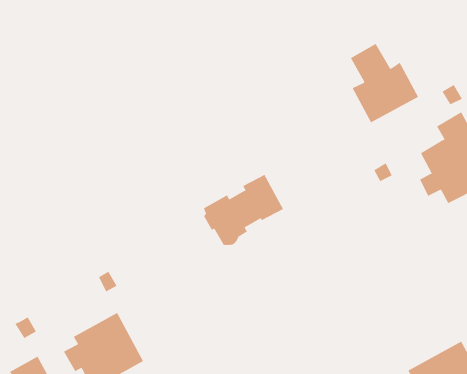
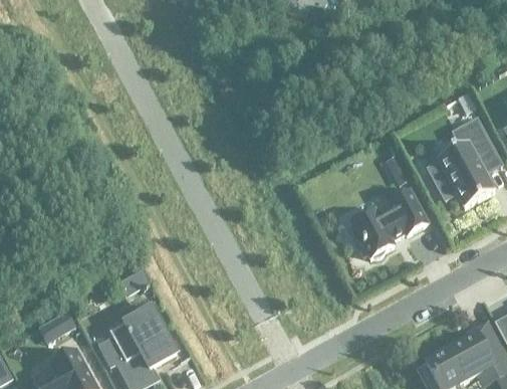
building: [350,43,419,123] -> none
building: [203,174,284,245] -> [349,187,426,254]

